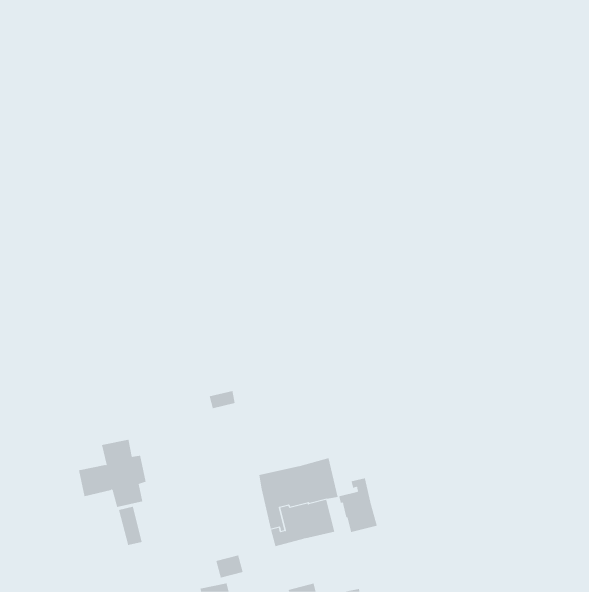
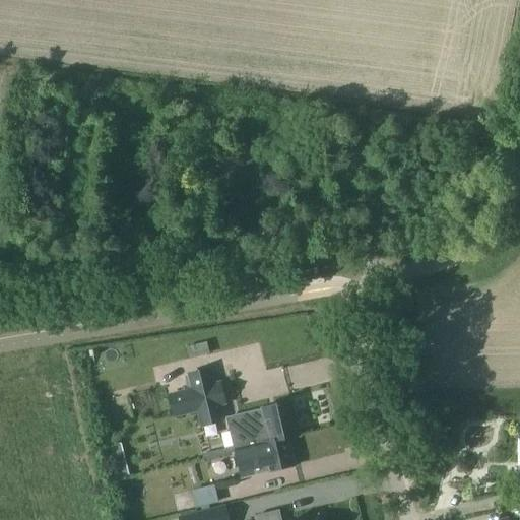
building: [78,439,147,507] -> [164,367,223,427]
building: [339,477,377,533] -> none

